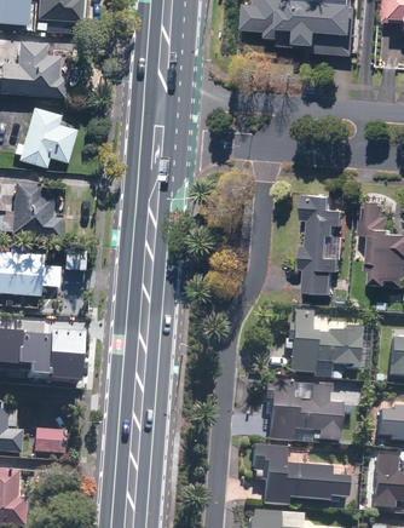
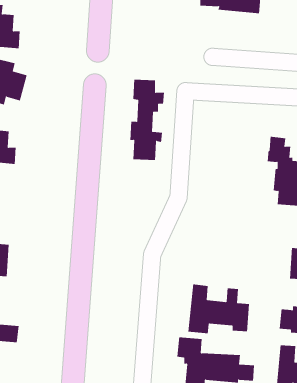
building: [300,194,342,292] -> [130,79,165,160]
building: [287,310,359,372] -> none
building: [50,328,83,378] -> none

